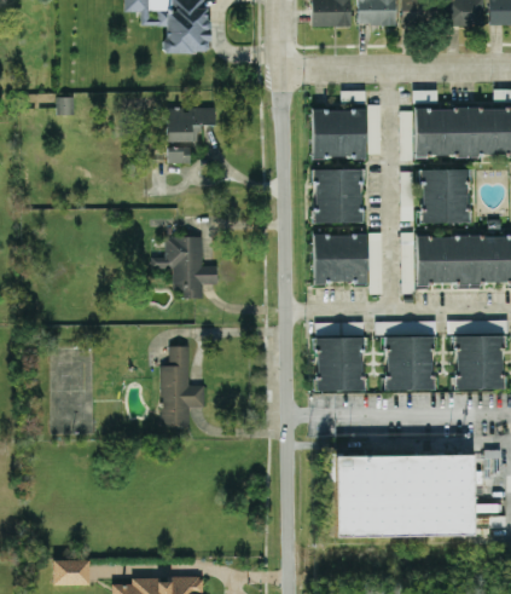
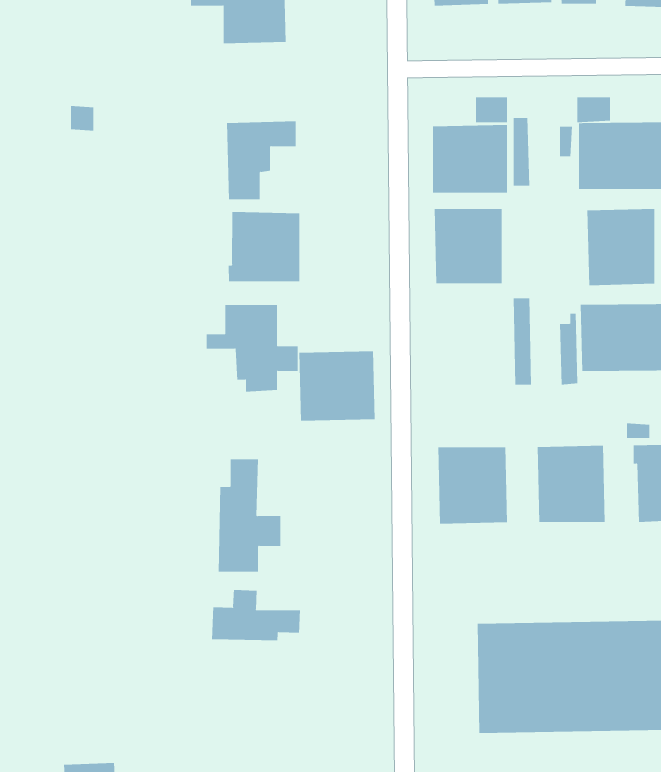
building: none -> [228,211,300,282]
building: [313,233,367,283] -> [298,351,376,421]
building: none -> [211,589,300,641]

